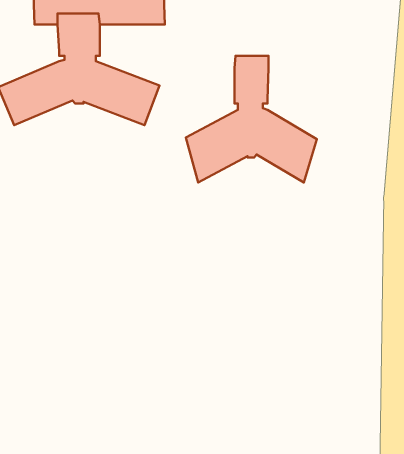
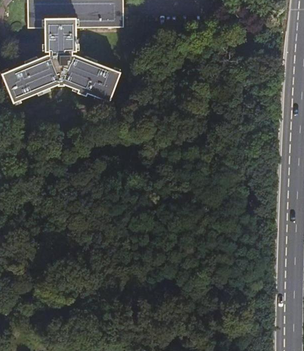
building: [186,56,317,182] -> none

